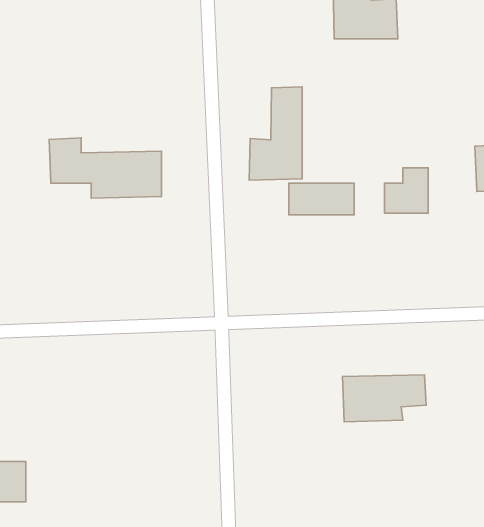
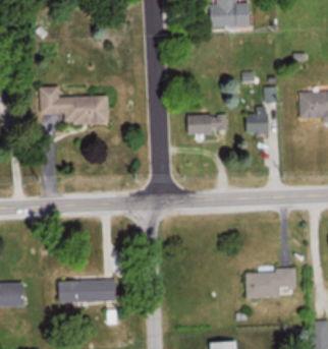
building: [249,87,302,180] -> none
building: [342,375,426,422] -> [245,270,296,298]
building: none -> [58,280,117,302]

